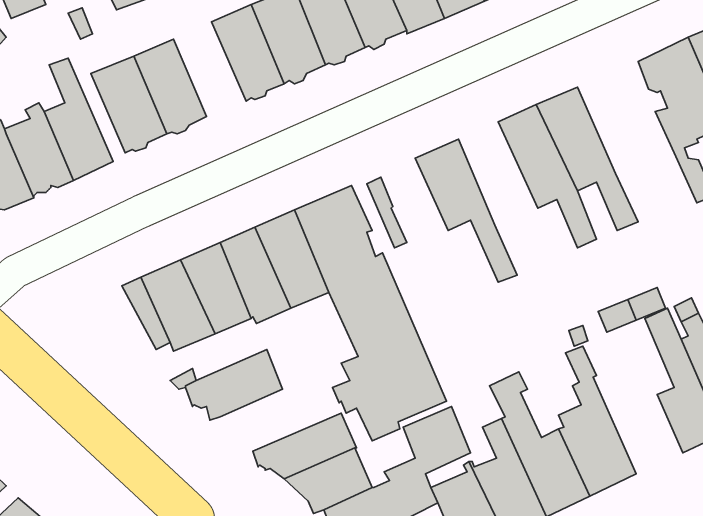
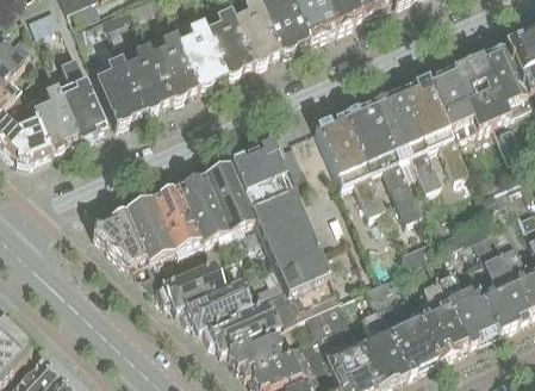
building: none -> [147,35,197,100]
building: none -> [425,63,492,139]
building: none -> [343,104,421,221]
building: none -> [93,217,135,266]
building: none -> [436,272,498,347]
building: none -> [179,278,262,331]

